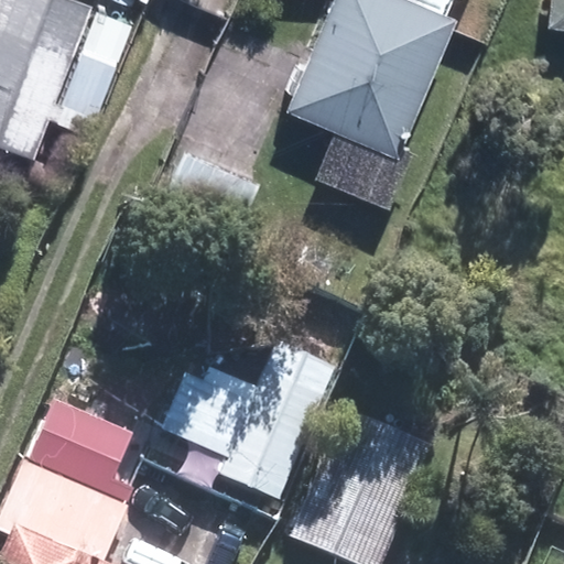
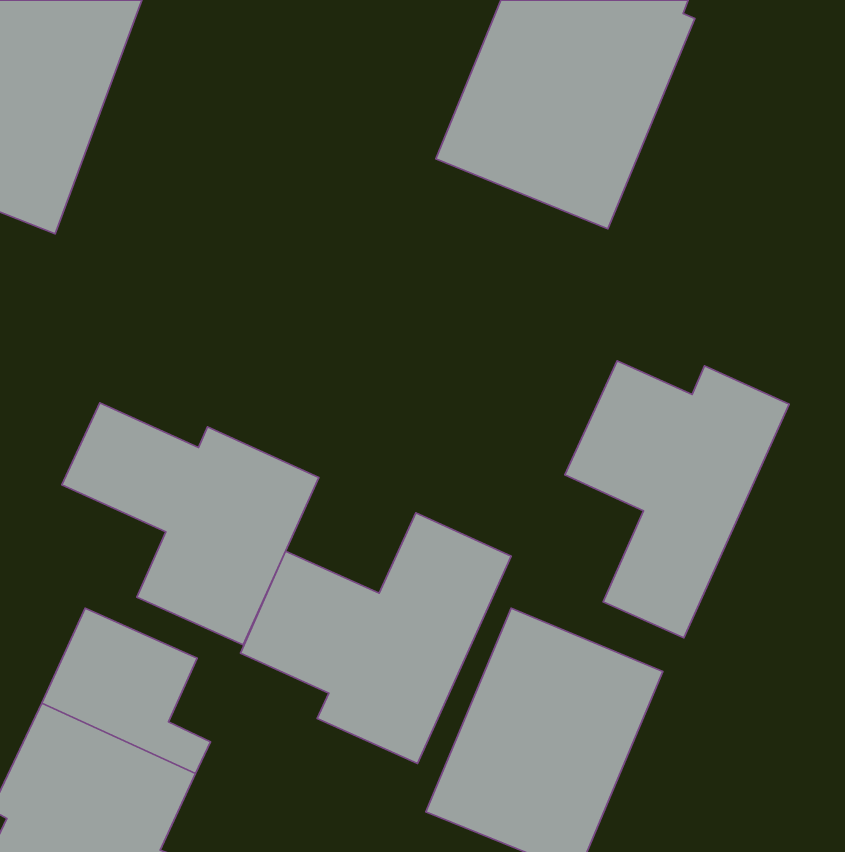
building: none -> [565,361,789,638]
building: none -> [62,403,319,645]

